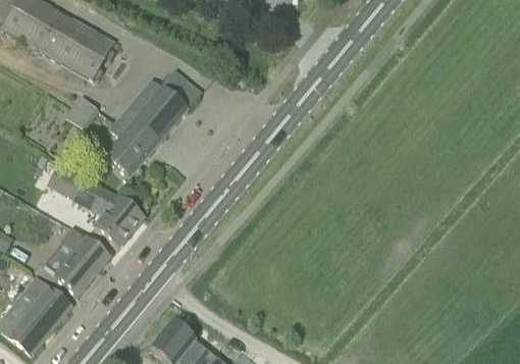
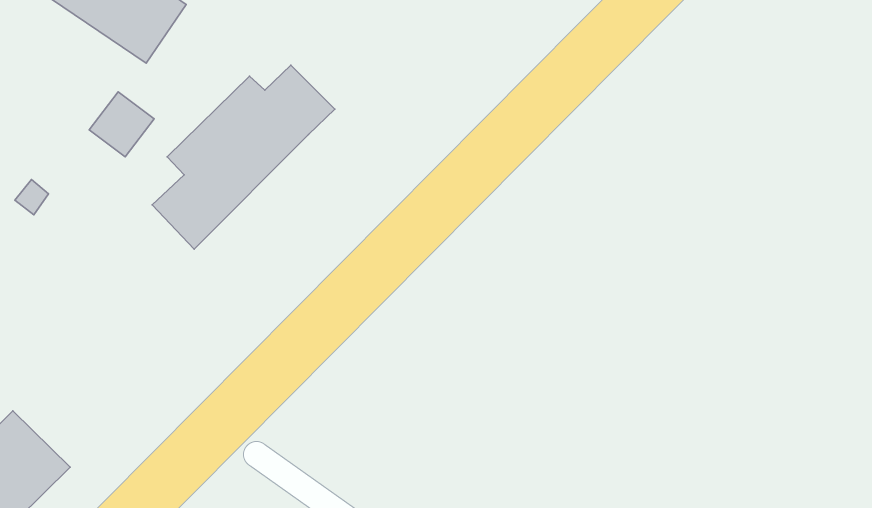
building: [57,169,144,247] -> none
building: [43,225,111,295] -> none

